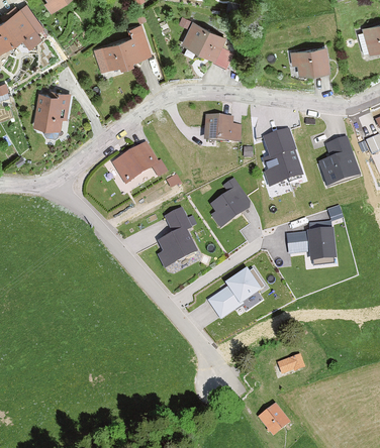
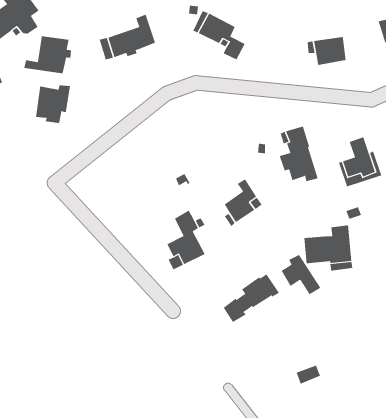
building: none -> [24,36,72,74]
building: [205,117,239,141] -> none
building: [114,144,166,182] -> none
building: none -> [281,254,321,295]

